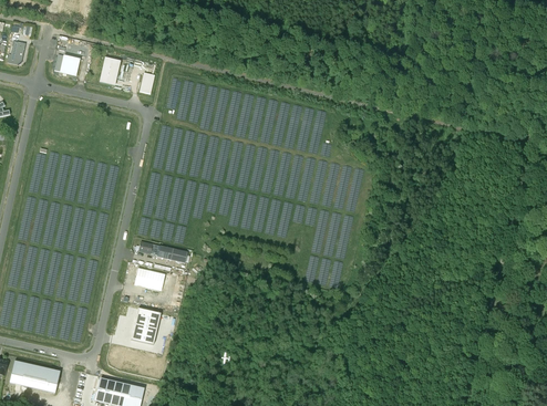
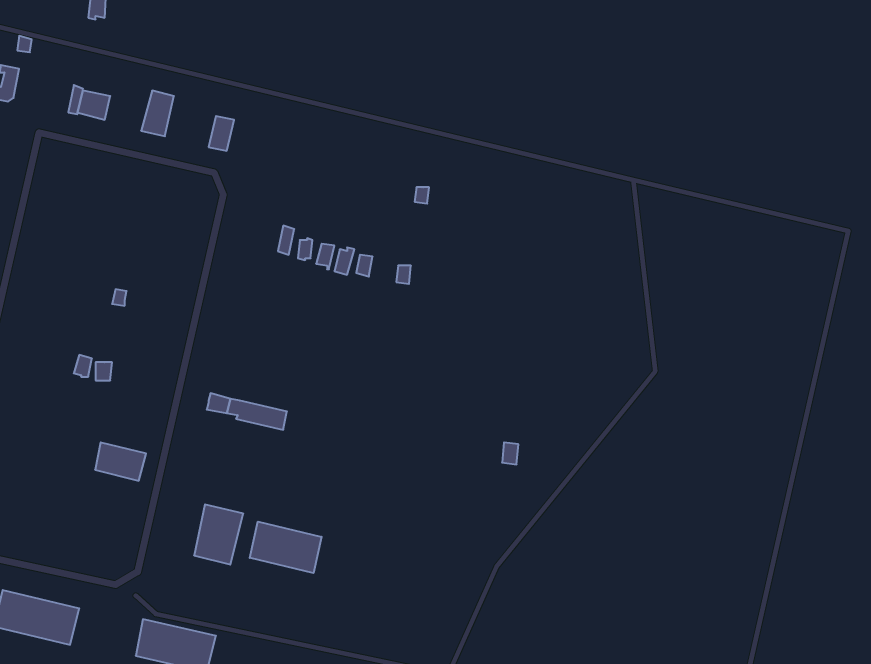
building: [133,267,164,290] -> [95,442,146,481]
building: none -> [250,522,322,573]

